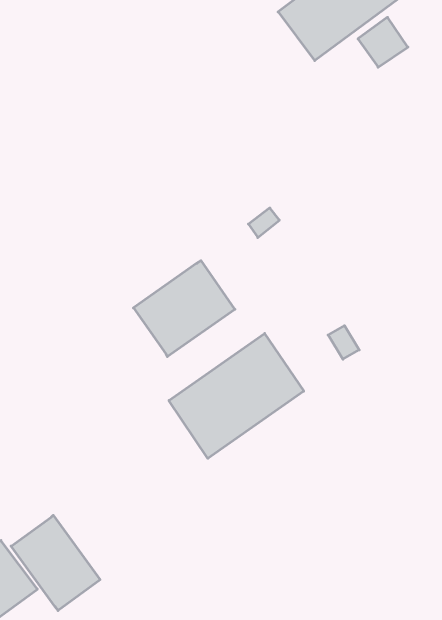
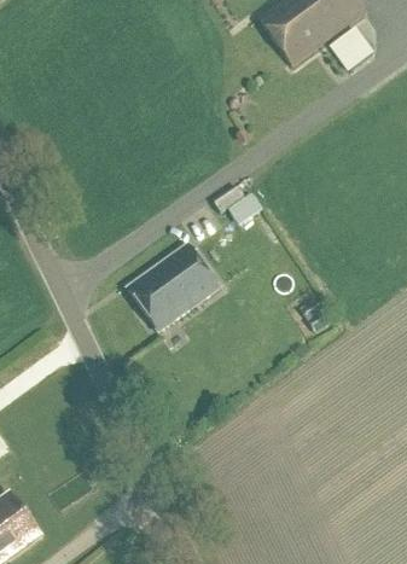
building: [169,333,304,458] -> none
building: [11,515,100,611] -> none

